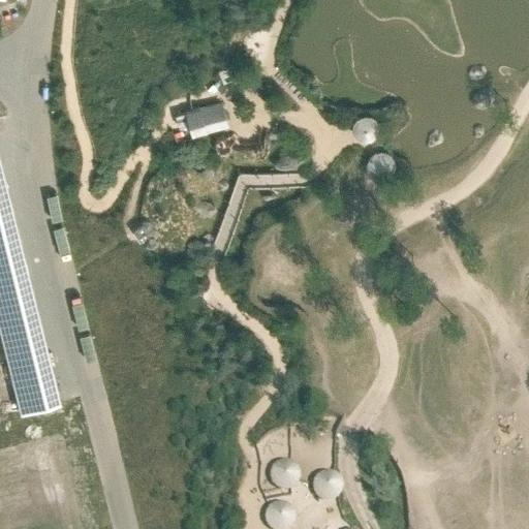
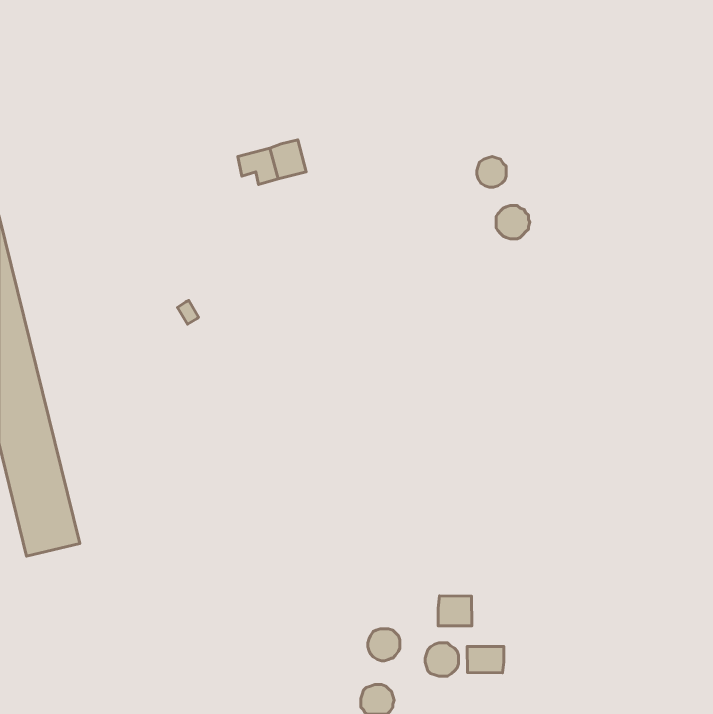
building: none -> [438,596,472,626]
building: none -> [467,646,504,673]

